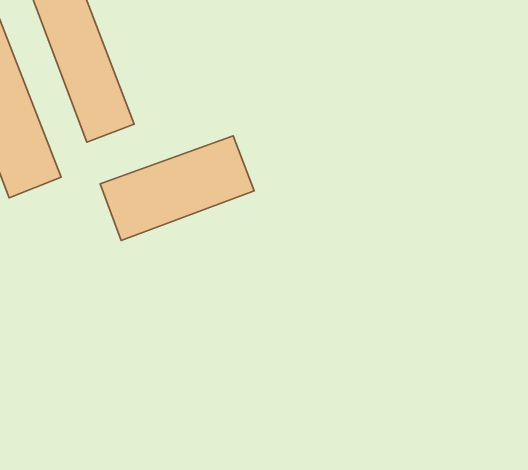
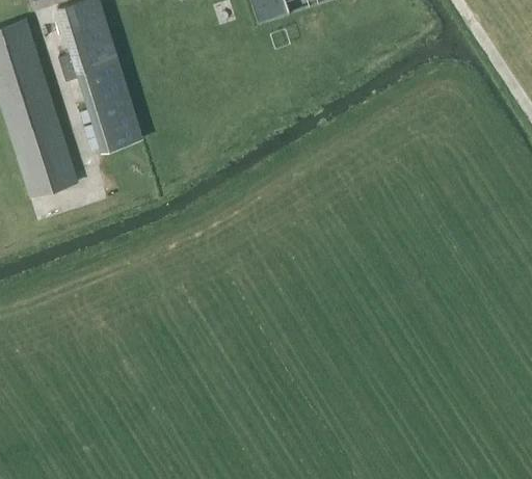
building: [100,136,254,241] -> none

